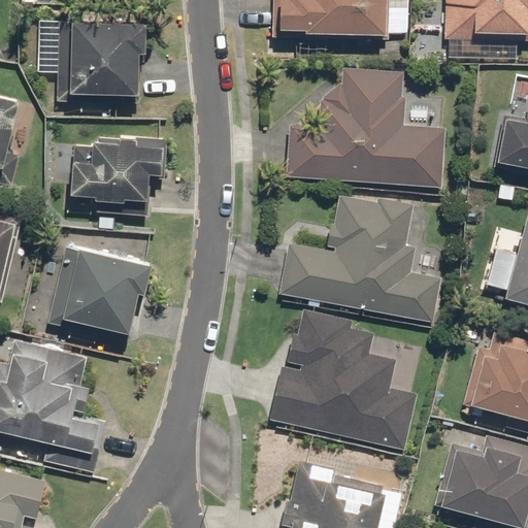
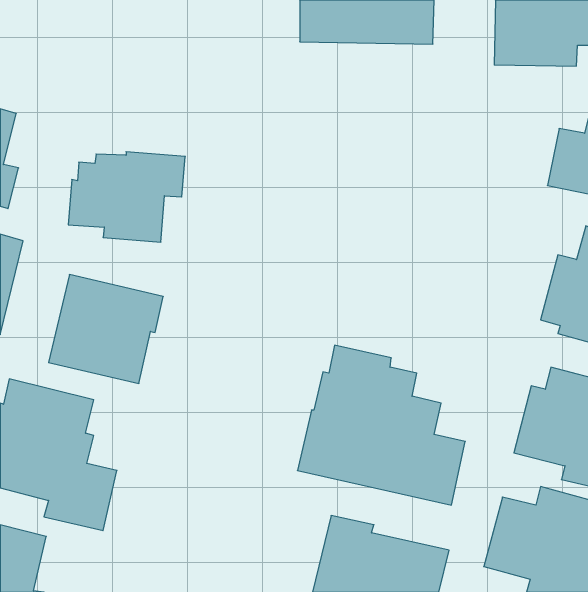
building: [56,20,143,103] -> none
building: [285,66,446,187] -> none
building: [277,194,442,323] -> none

